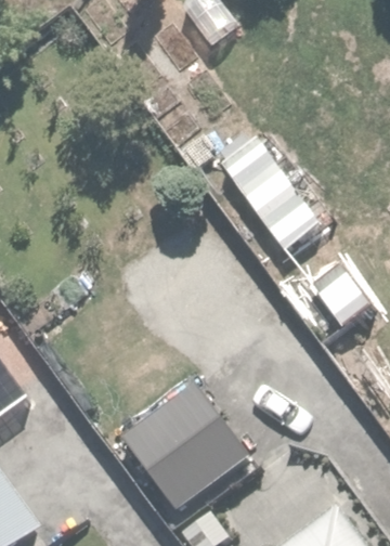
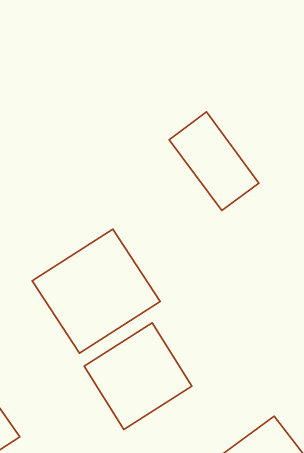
building: none -> [32,229,160,353]

